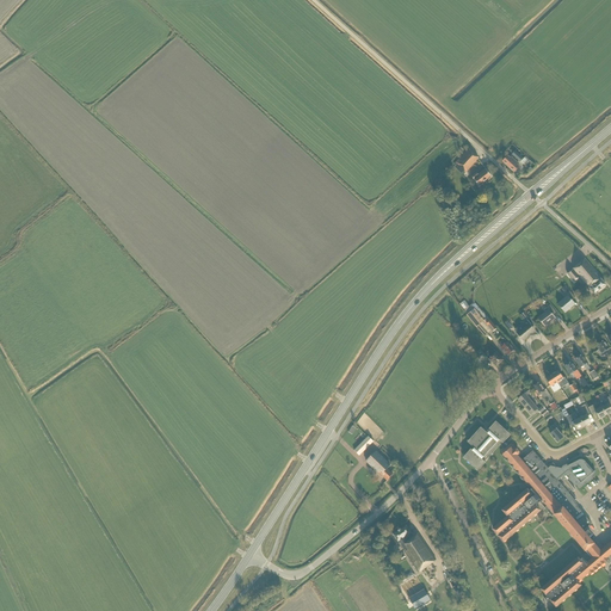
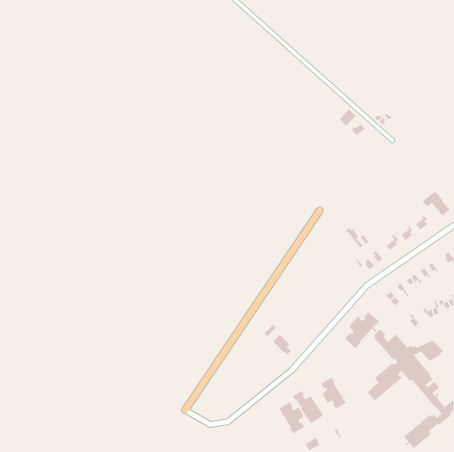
building: none -> [321,376,347,409]
building: none -> [278,401,305,435]

